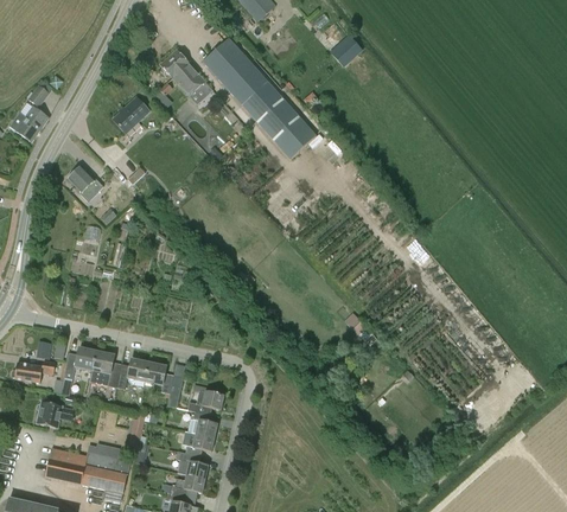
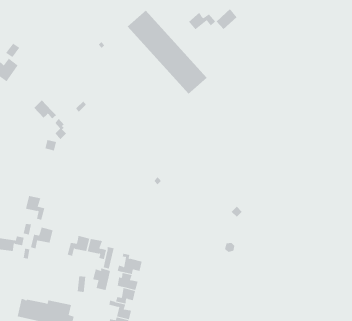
building: none -> [188,12,216,30]
building: [160,50,205,96] -> none
building: [113,97,149,133] -> none
building: [93,352,121,388] -> [25,196,45,220]
building: [37,402,74,428] -> none
building: none -> [92,268,111,291]

